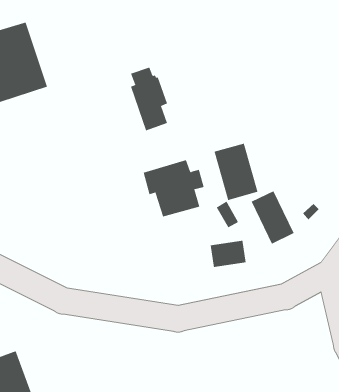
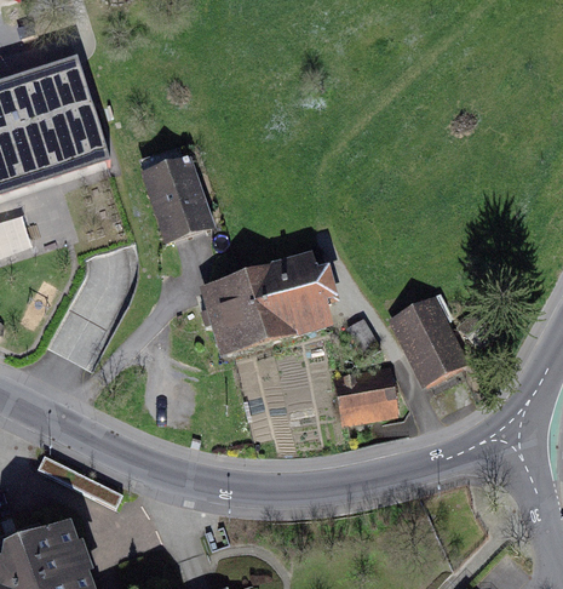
building: [130,67,168,131] -> [149,144,202,235]
building: [214,143,258,201] -> none
building: none -> [199,275,271,353]

